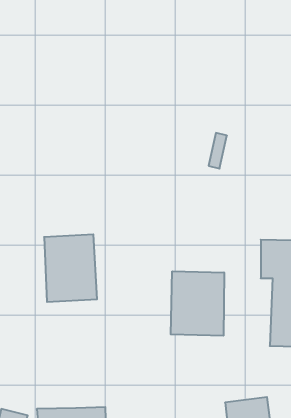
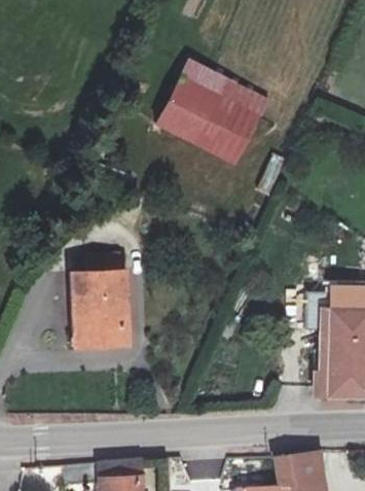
building: none -> [160,70,262,160]
building: [171,271,224,336] -> none

